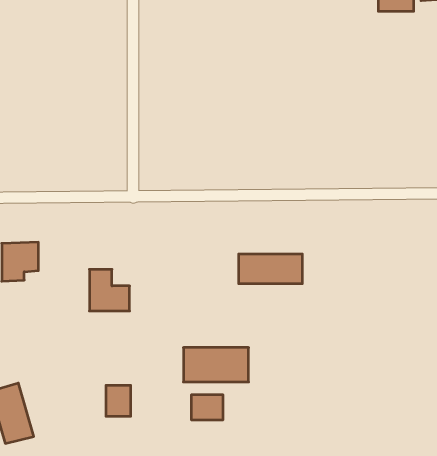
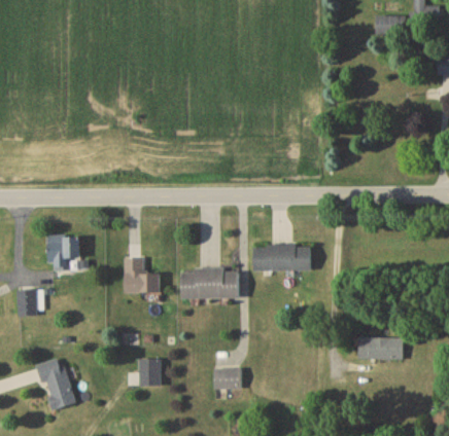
building: [183,348,249,382] -> [180,268,237,298]
building: none -> [358,337,403,359]

